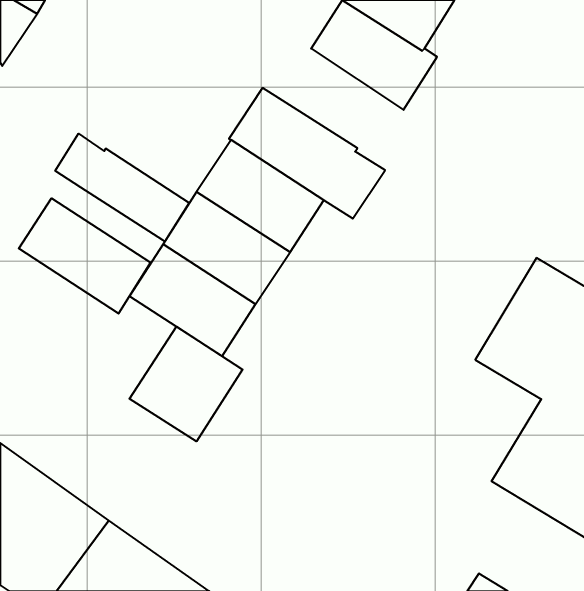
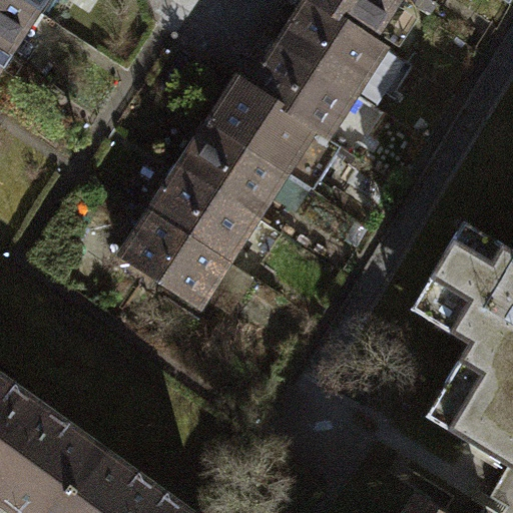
building: none -> [247,42,356,139]
building: [55,134,189,242] -> none
building: [19,198,151,314] -> none
building: [129,327,243,441] -> none

